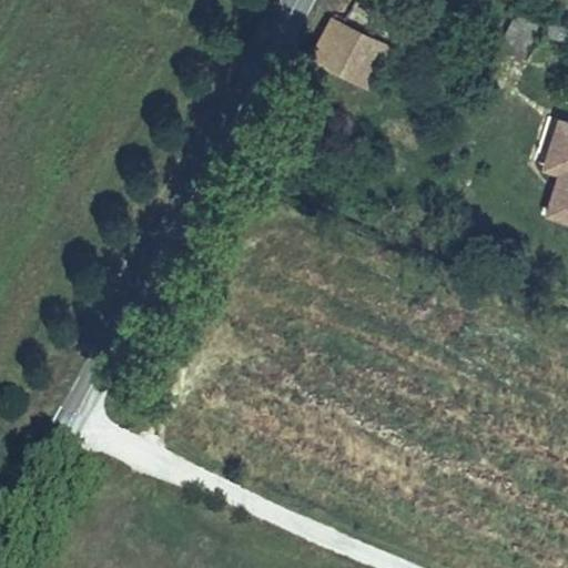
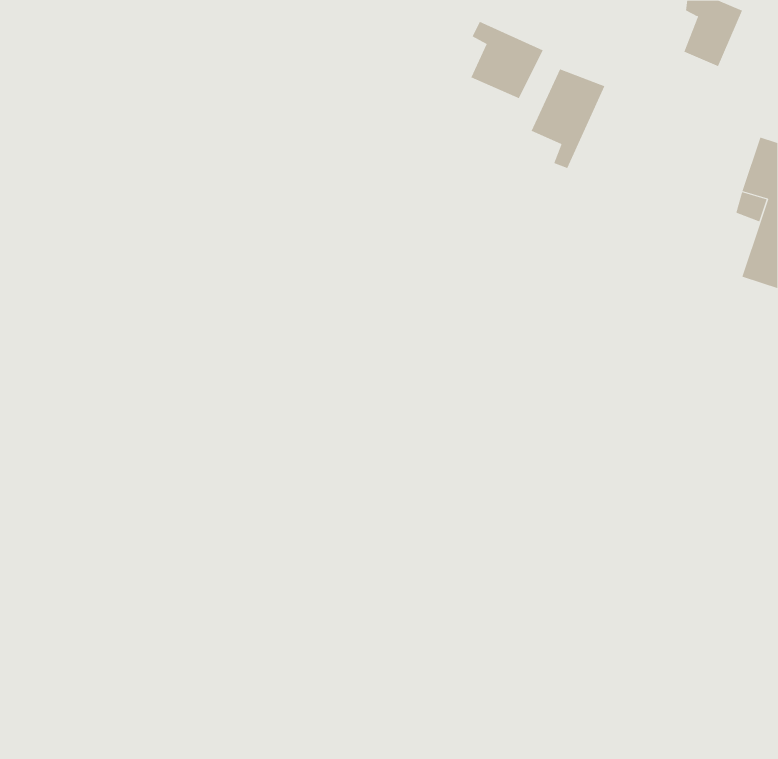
building: [316,21,354,70] -> none
building: none -> [531,68,605,169]

